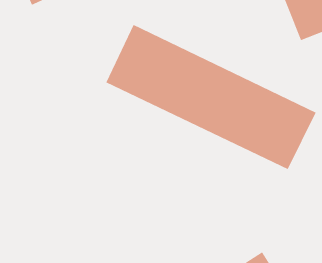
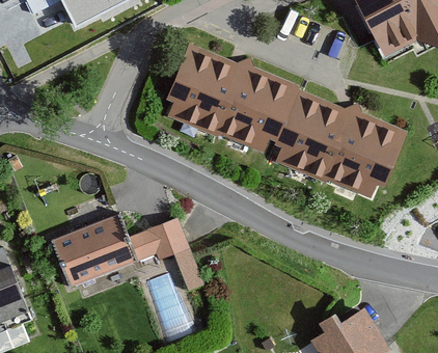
building: none -> [53,210,207,298]

